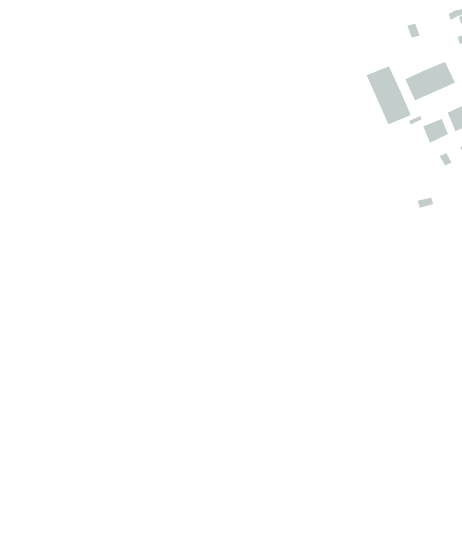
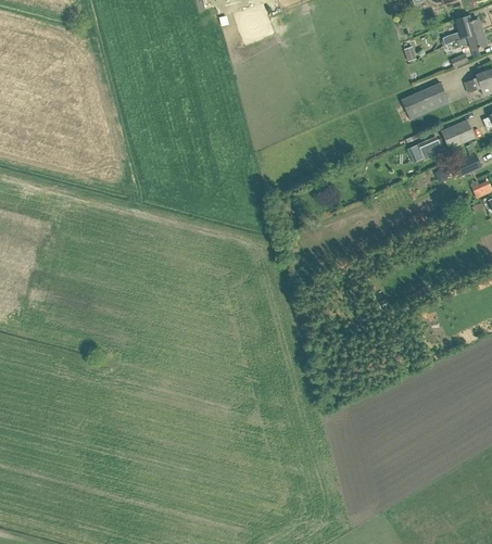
building: [366,65,411,125] -> none

